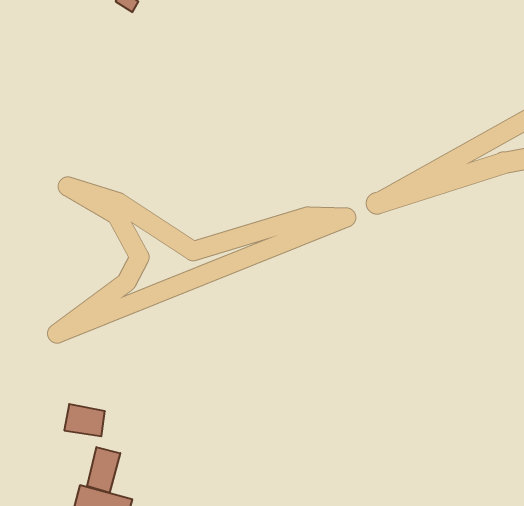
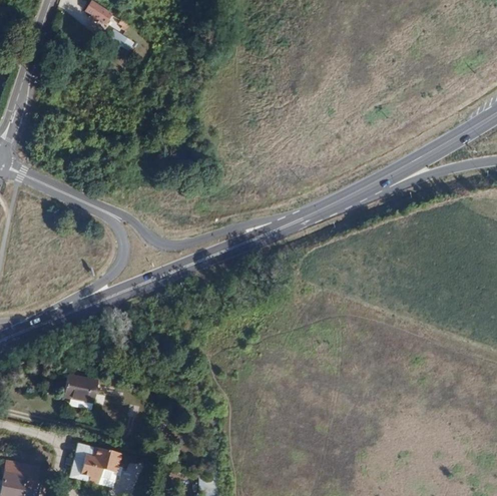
building: [87,447,120,493] -> none

